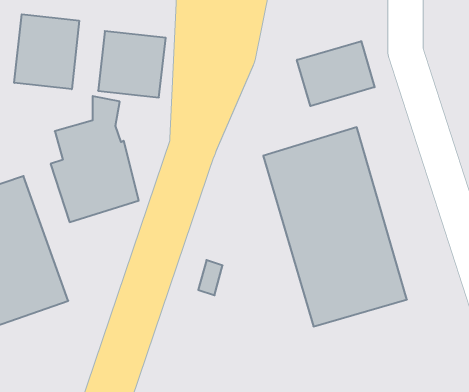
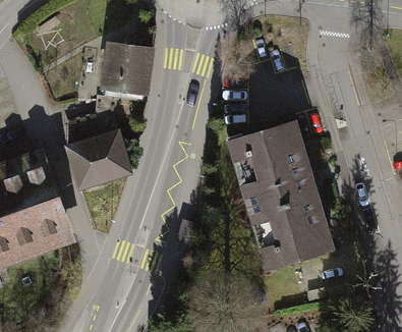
building: [14,14,79,89] -> none
building: [297,41,375,106] -> none

